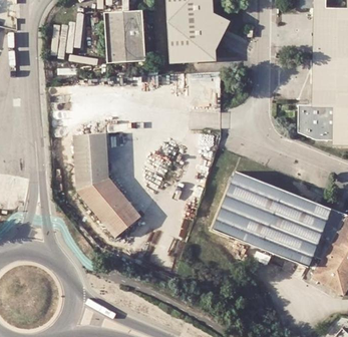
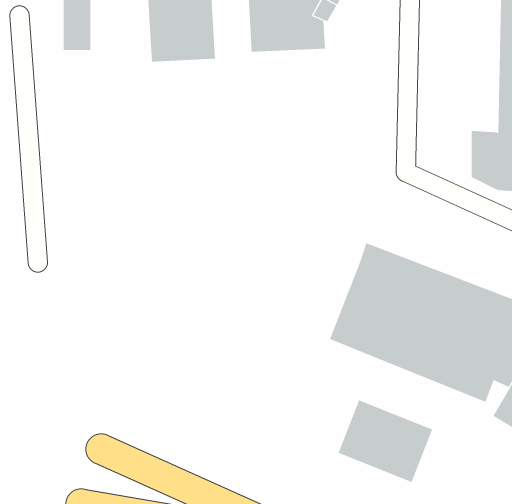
building: [75,132,140,237] -> none
building: none -> [338,399,433,483]

